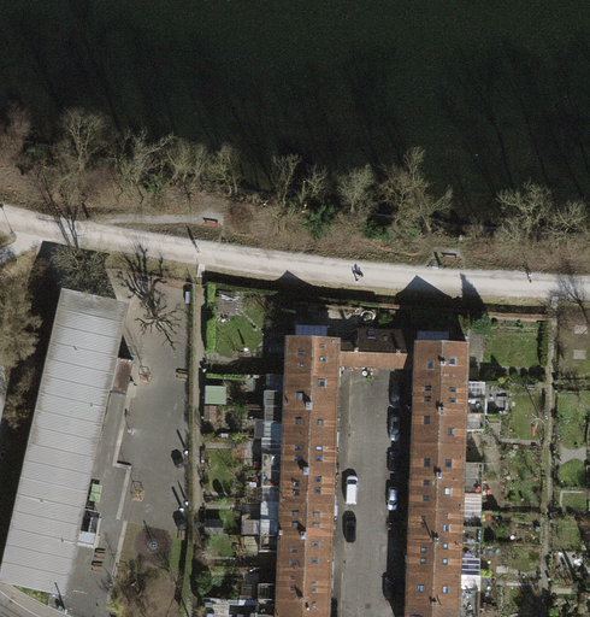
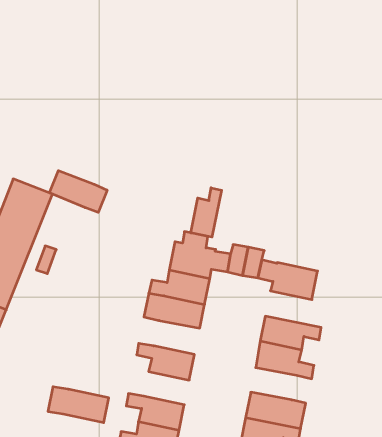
building: none -> [191,188,222,237]
building: none -> [50,171,107,212]
building: [412,381,484,416] -> none
building: [261,440,334,475] -> none
building: [409,478,482,511] -> none
building: [259,505,331,539] -> [48,387,109,423]

